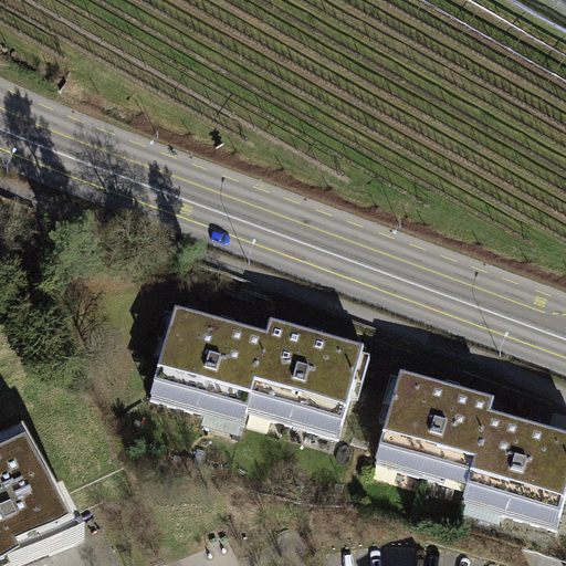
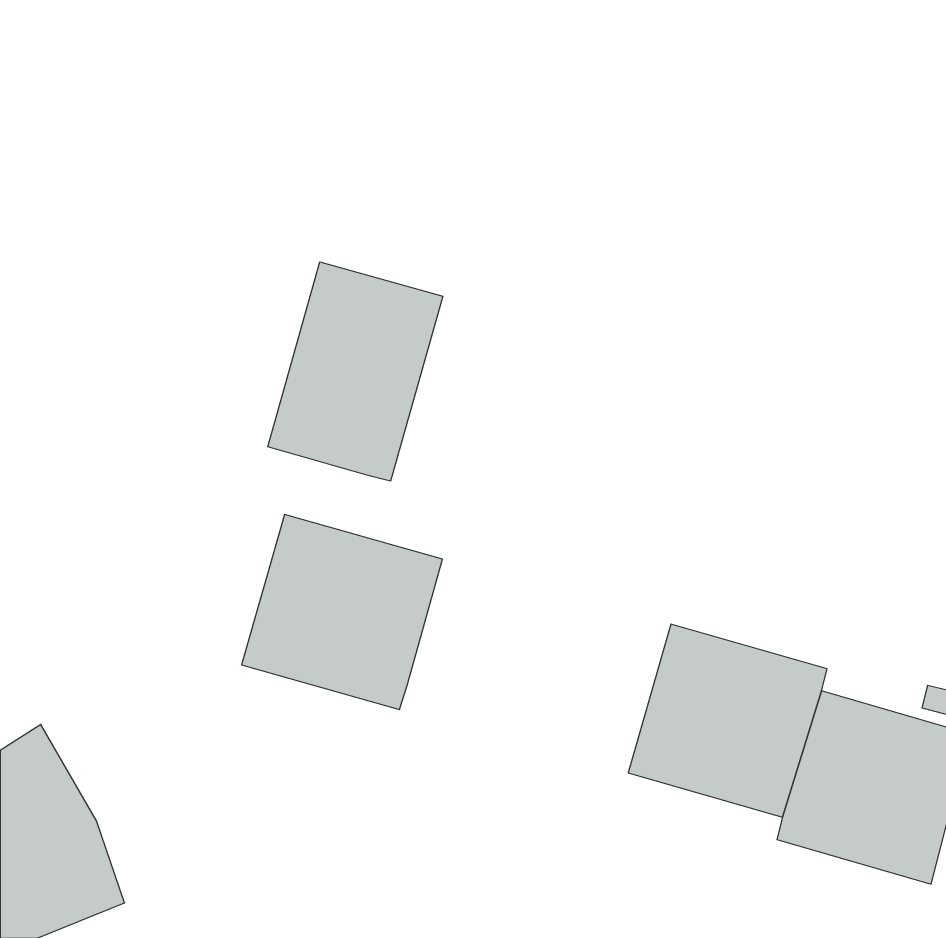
building: none -> [268,262,443,481]
building: [244,319,363,433] -> none

